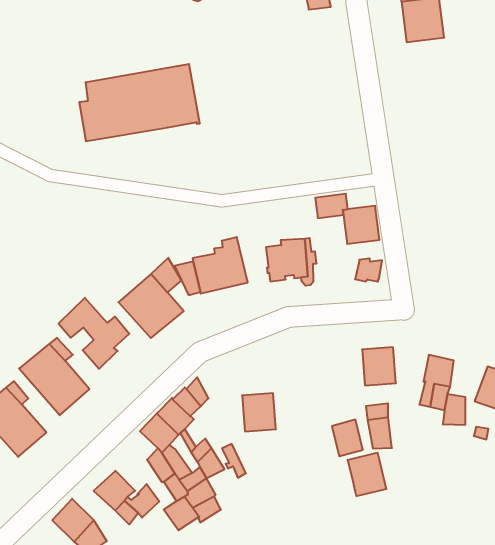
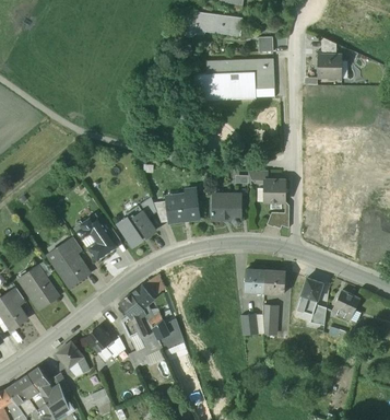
building: [79,64,200,141] -> [201,58,275,98]
building: [242,393,276,431] -> [245,268,265,292]
building: [348,453,386,496] -> none

